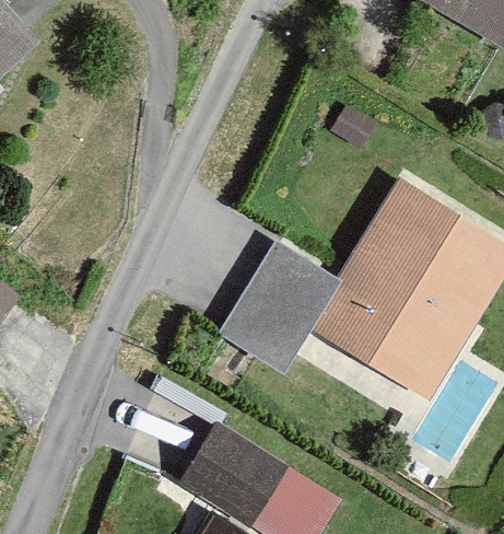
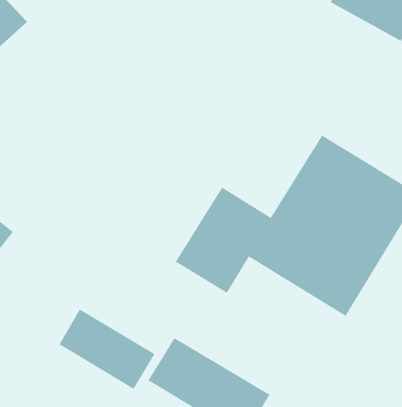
building: none -> [59,309,156,390]

